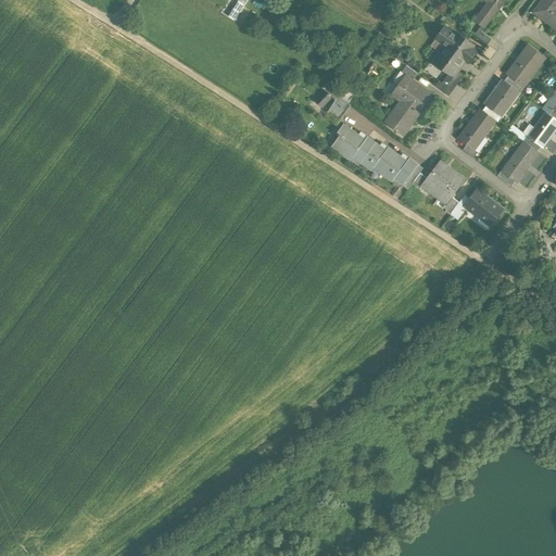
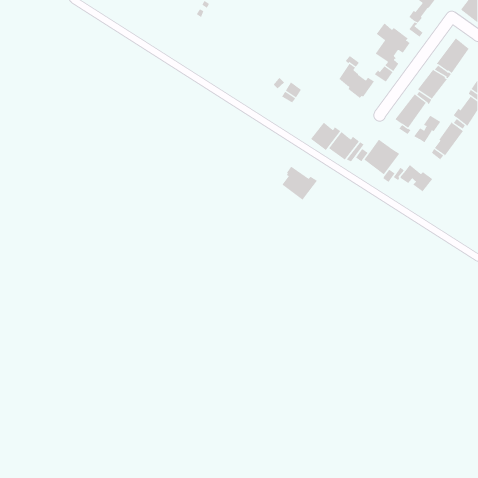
building: [383,103,417,135] -> none
building: [332,124,375,164] -> [281,166,318,201]
building: none -> [414,115,441,143]

